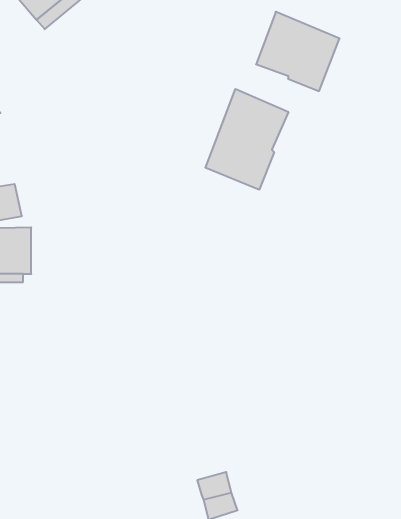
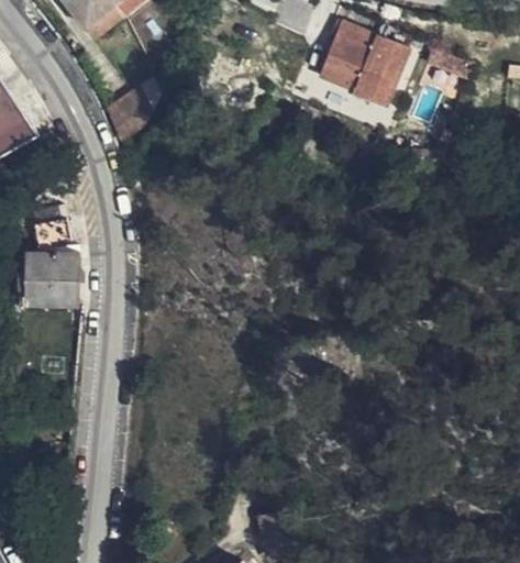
building: none -> [107,88,152,140]
building: [205,89,288,190] -> none

